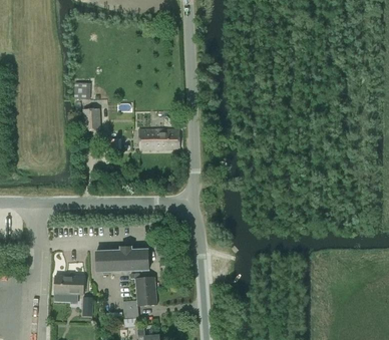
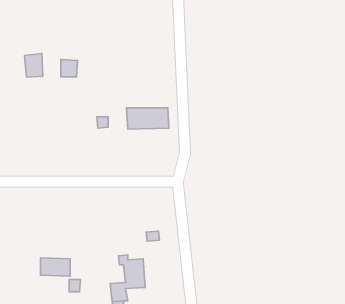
building: [82,108,100,131] -> [25,54,43,77]
building: [95,247,148,272] -> none

